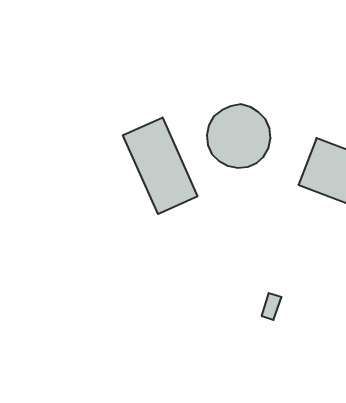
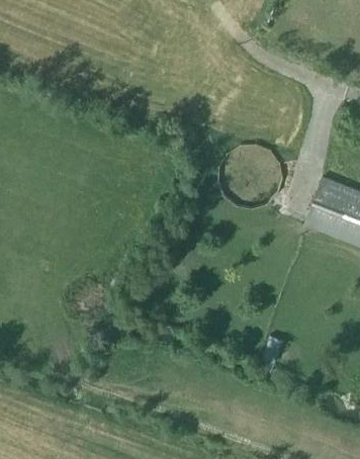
building: [123,117,197,214] -> none

